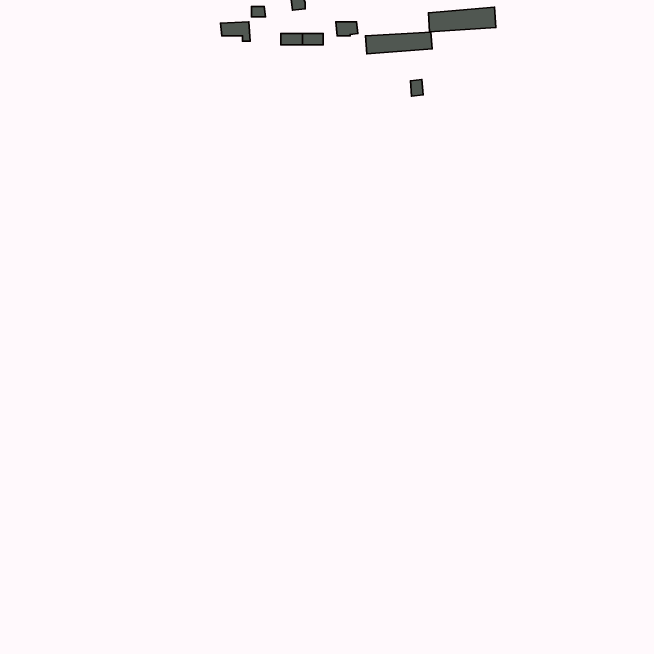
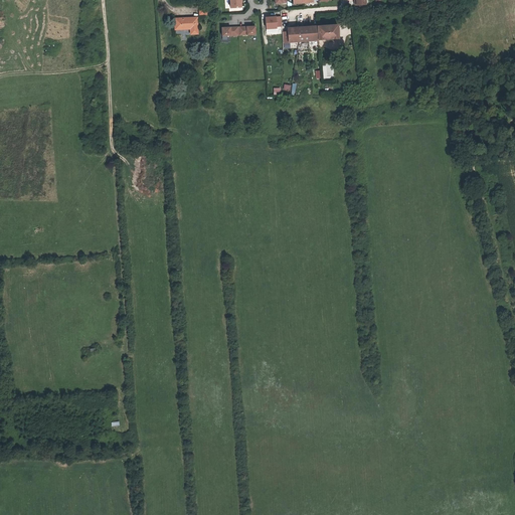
building: [428,7,496,32] -> none

